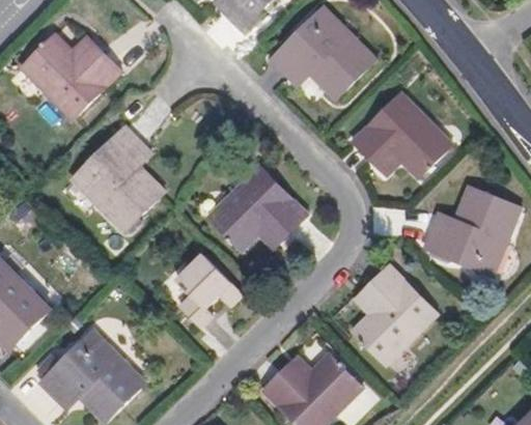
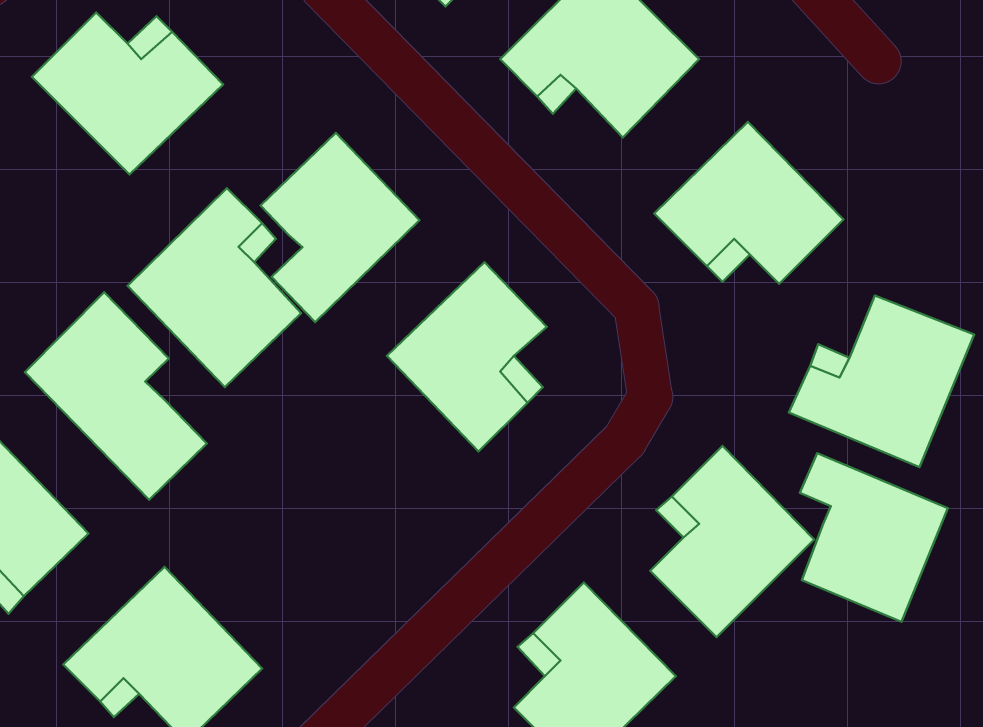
building: none -> [260,133,420,322]
building: none -> [25,292,207,500]
building: [176,254,243,327] -> none
building: none -> [800,453,948,622]

